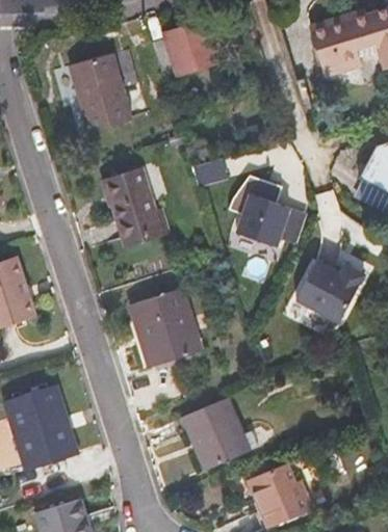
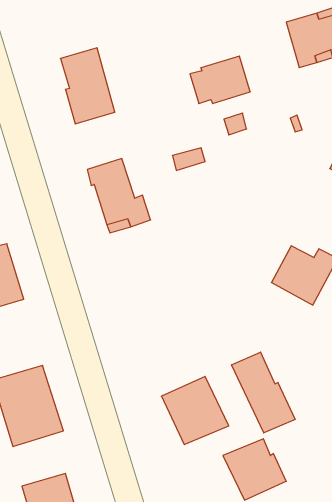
building: [154,24,217,74] -> [190,56,250,104]
building: [238,193,292,246] -> none
building: [130,289,203,367] -> none
building: none -> [232,352,295,433]

